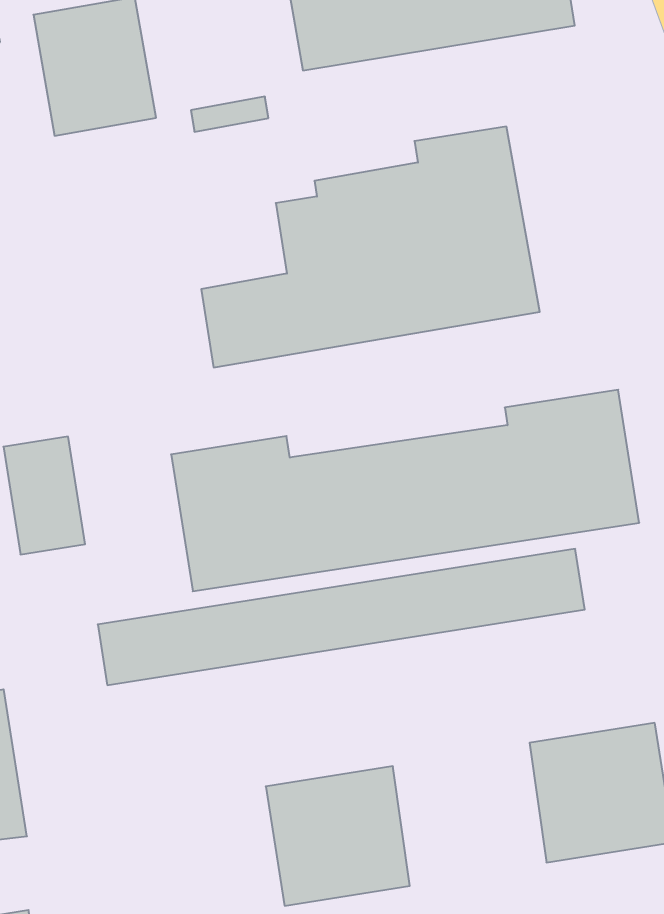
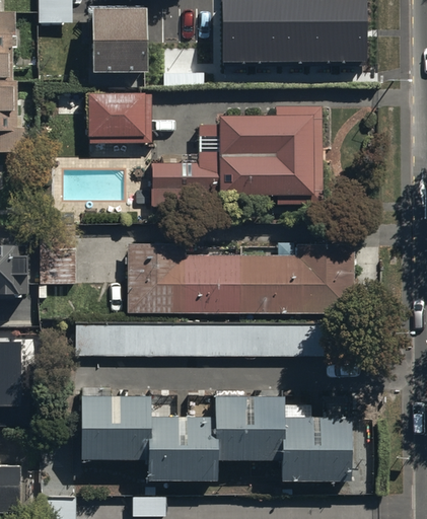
building: none -> [89,90,153,145]
building: none -> [215,397,281,459]
building: none -> [79,397,145,459]

